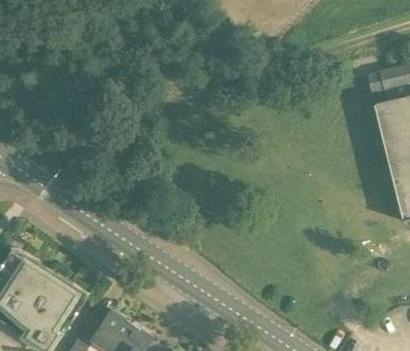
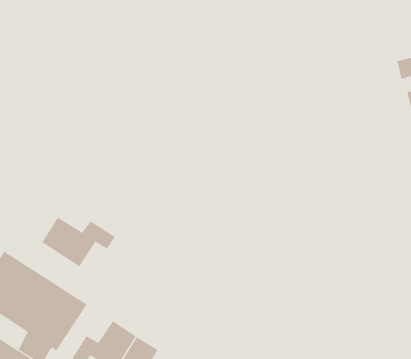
building: none -> [42,217,115,267]

